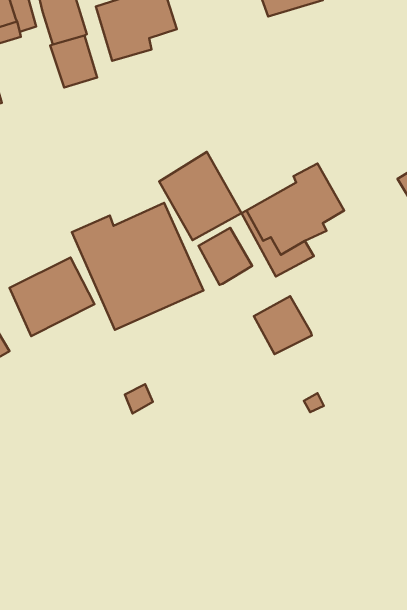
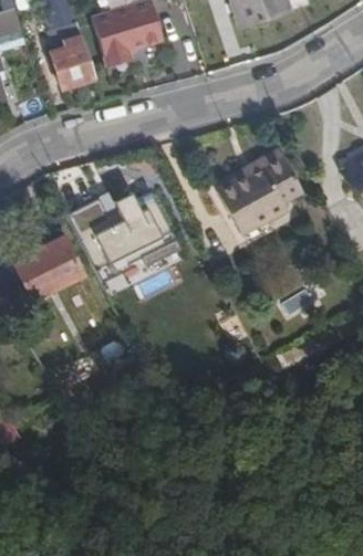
building: [159,152,242,240] -> none
building: [199,228,252,285] -> none
building: [254,296,312,354] -> none

